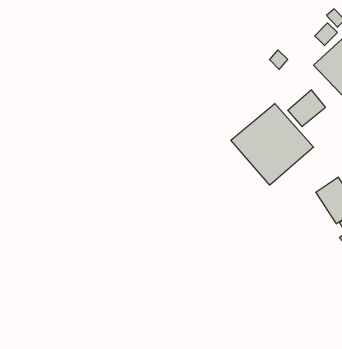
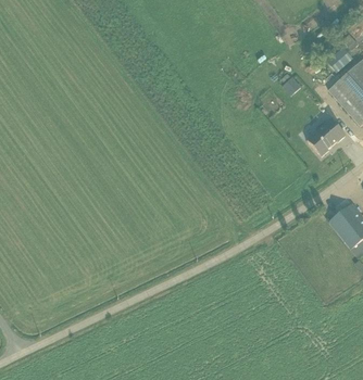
building: [231,103,314,185] -> none

